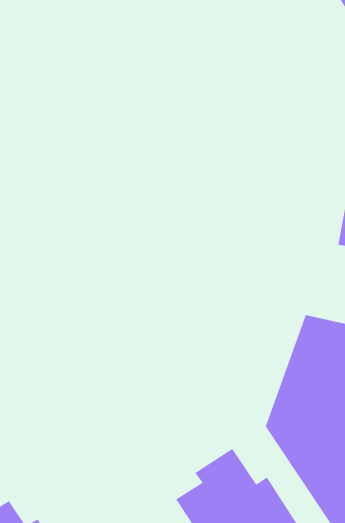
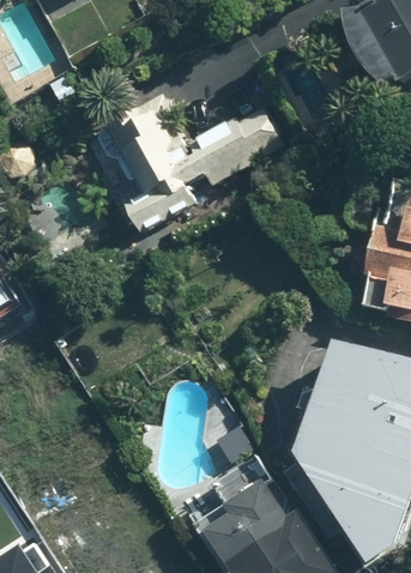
building: none -> [111,103,284,227]

